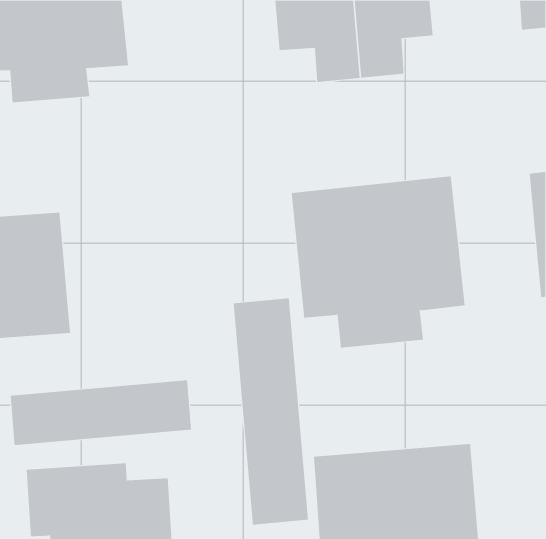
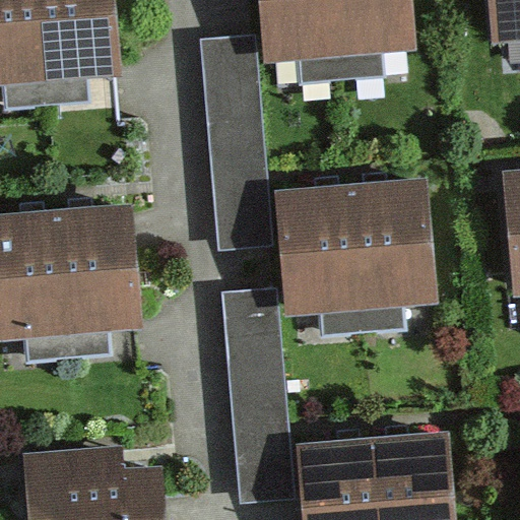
building: none -> [202,37,271,254]
building: none -> [57,204,137,324]
building: [10,380,191,446] -> none

